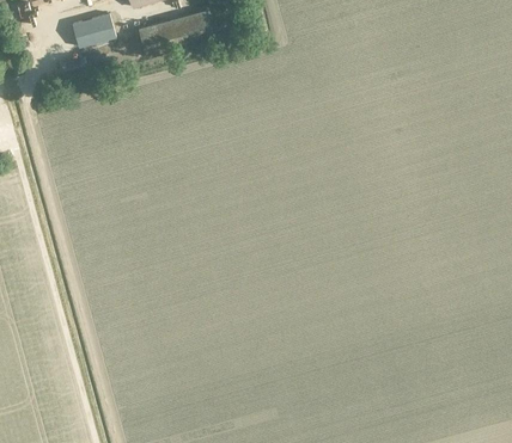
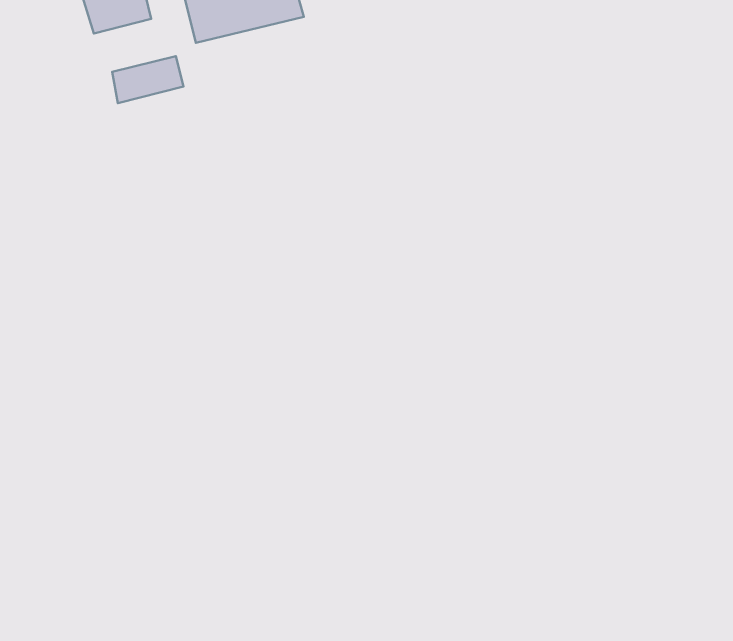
building: none -> [112,56,183,103]

